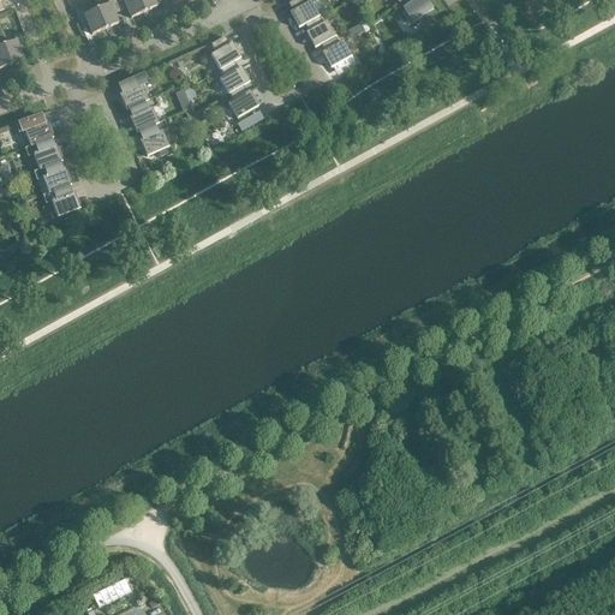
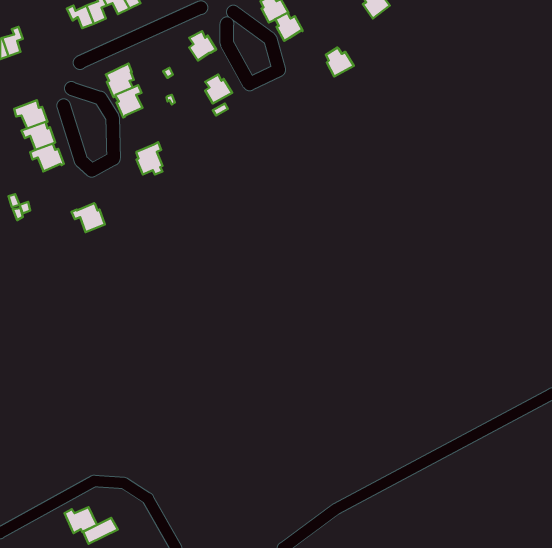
building: [322,34,353,66] -> [326,47,354,77]
building: [220,59,249,91] -> none
building: [139,118,168,154] -> [136,142,162,175]
building: [42,183,79,215] -> [71,203,105,232]
building: none -> [64,507,98,533]

